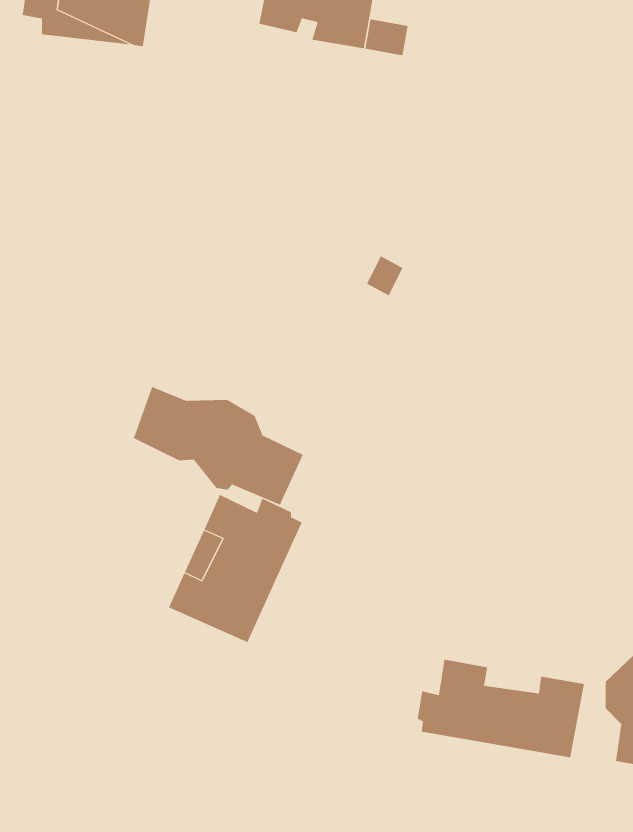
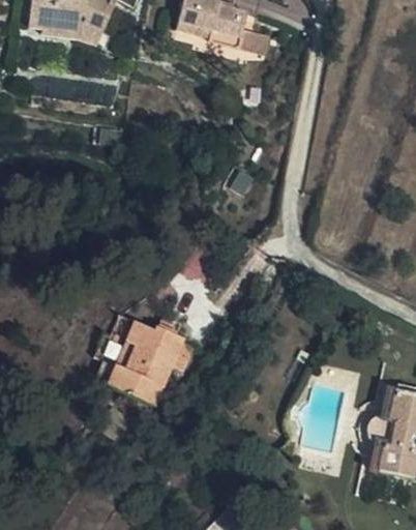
building: [133,386,303,506] -> none
building: [417,659,585,758] -> none

